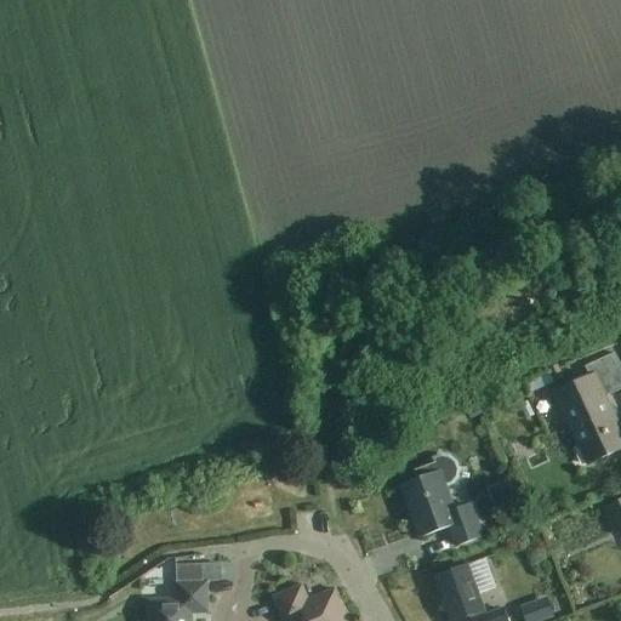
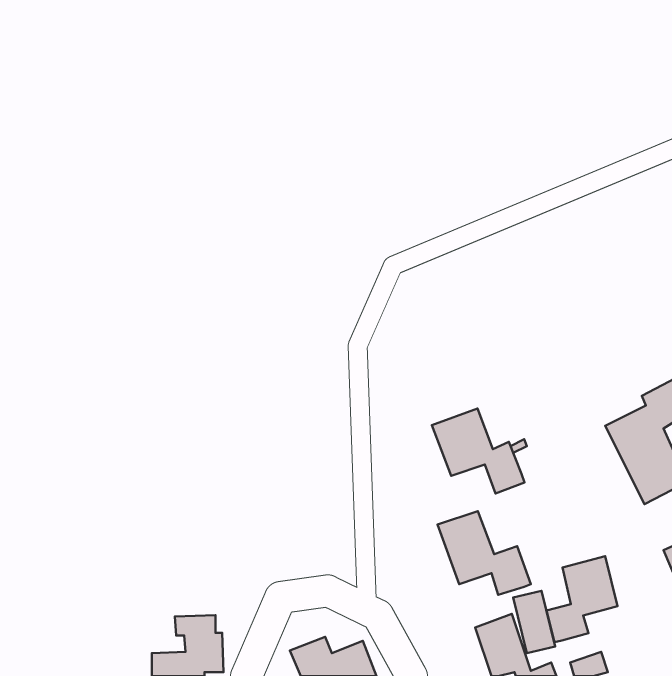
building: none -> [432,409,524,493]
building: none -> [546,556,617,642]

